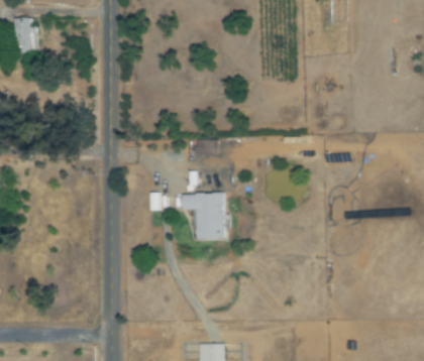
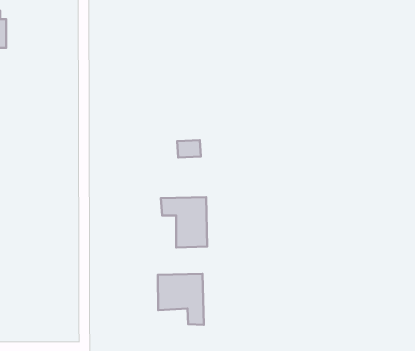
building: none -> [158,274,204,325]

